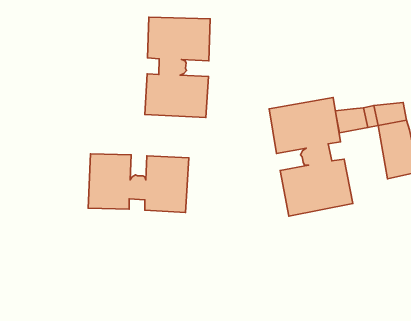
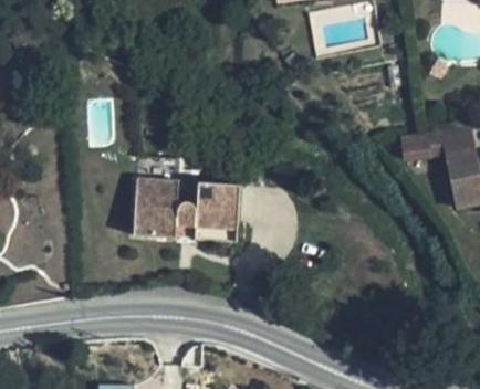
building: [145,17,210,117] -> none
building: [269,97,353,216] -> none

